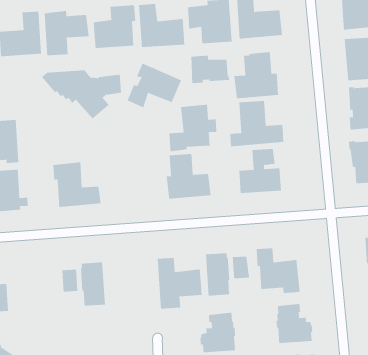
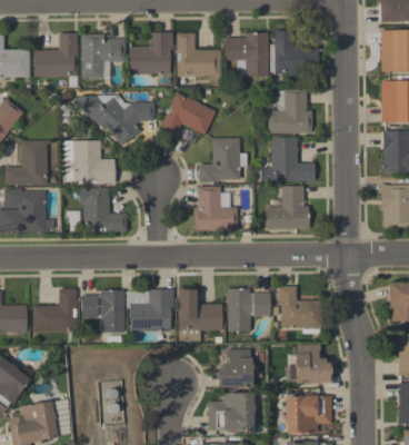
building: [191,55,229,84] -> none
building: none -> [64,140,114,184]
building: none -> [127,289,173,330]
building: none -> [32,288,77,332]

